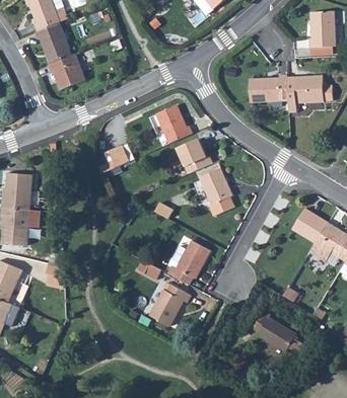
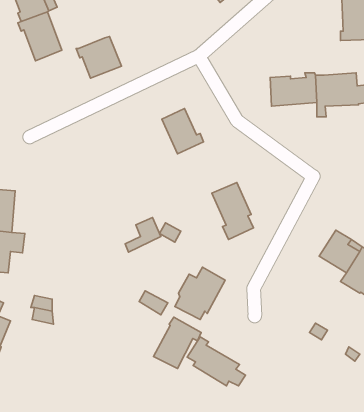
building: [47,54,85,89] -> [76,37,122,78]
building: [177,138,212,172] -> none
building: [98,144,129,173] -> [125,218,161,252]
building: [252,310,301,351] -> [187,337,246,386]

